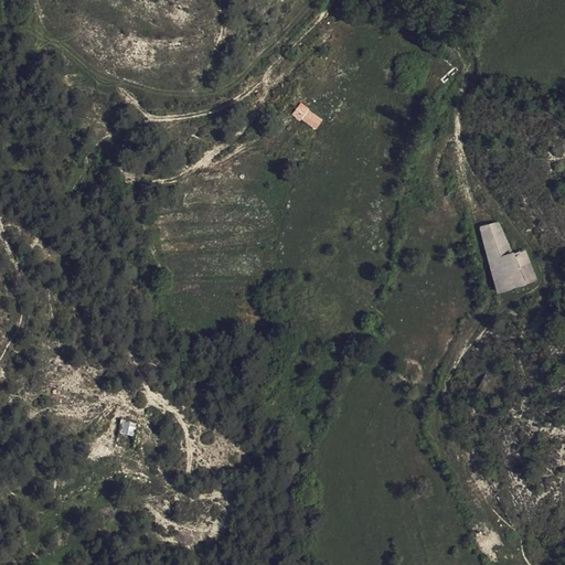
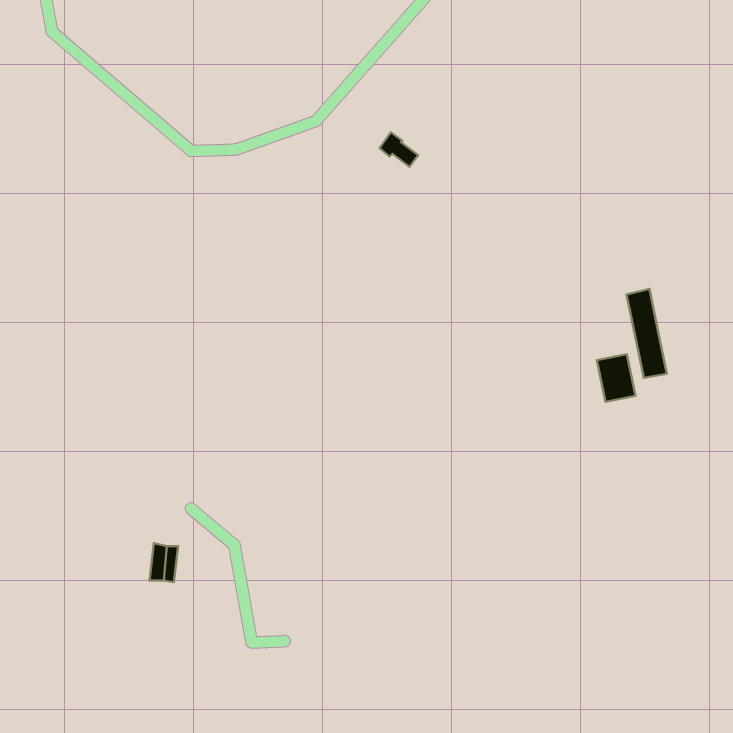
building: [505,250,535,287] -> [597,354,636,402]

